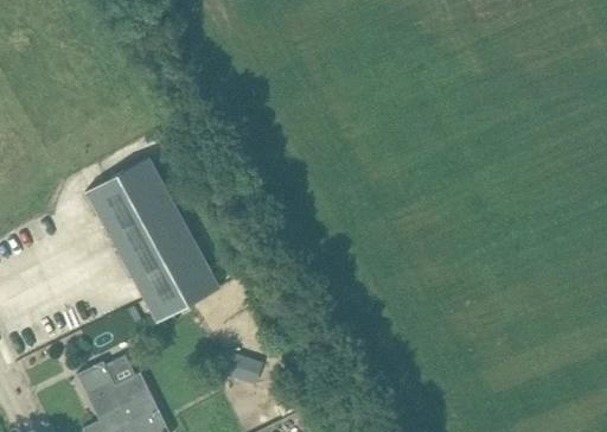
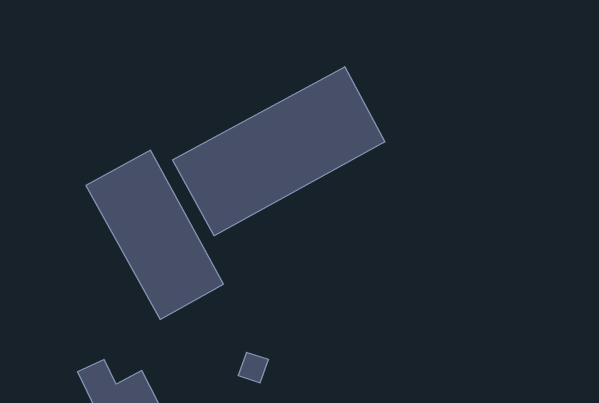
building: none -> [173,67,385,236]

